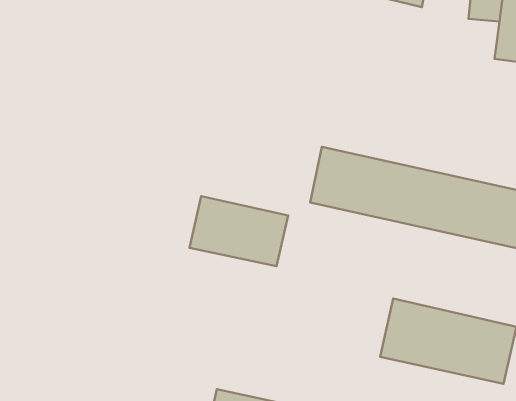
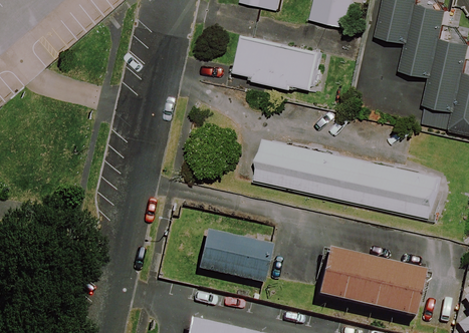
building: none -> [243,32,324,87]
building: [190,196,288,266] -> [196,229,272,283]

